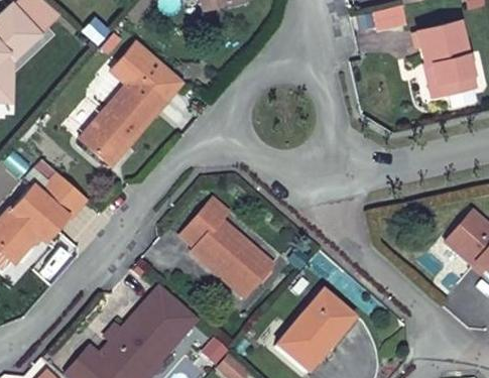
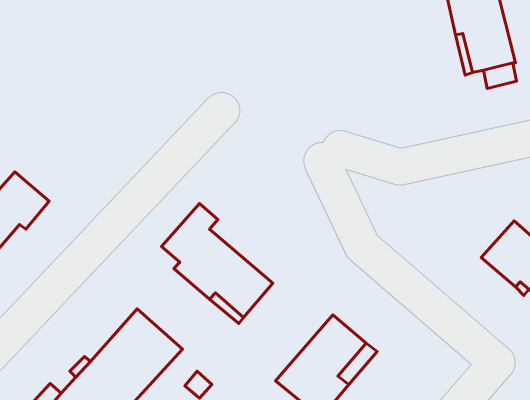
building: [79,38,184,163] -> none

